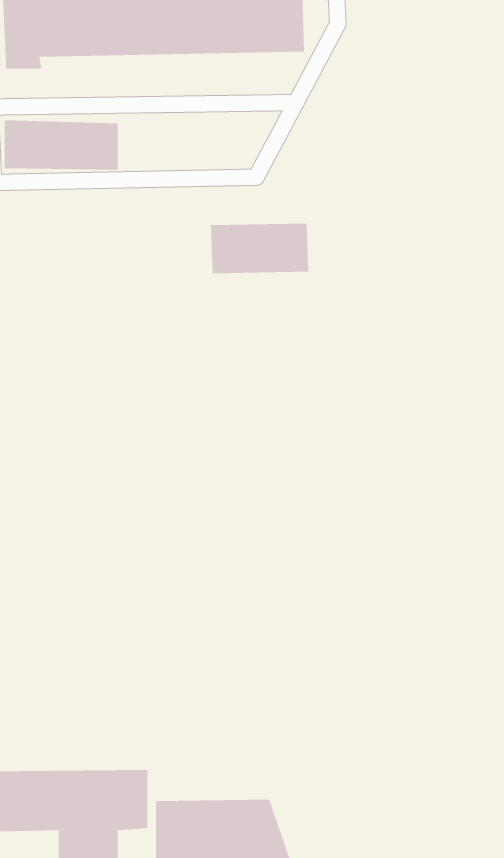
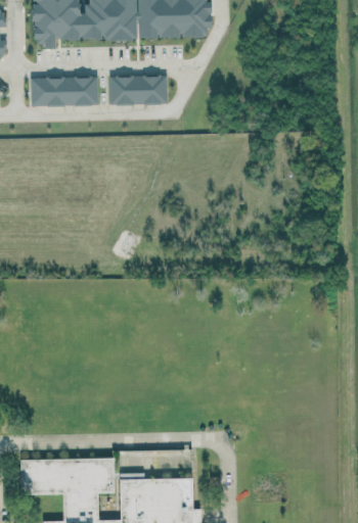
building: [210,223,309,274] -> [109,76,168,105]

